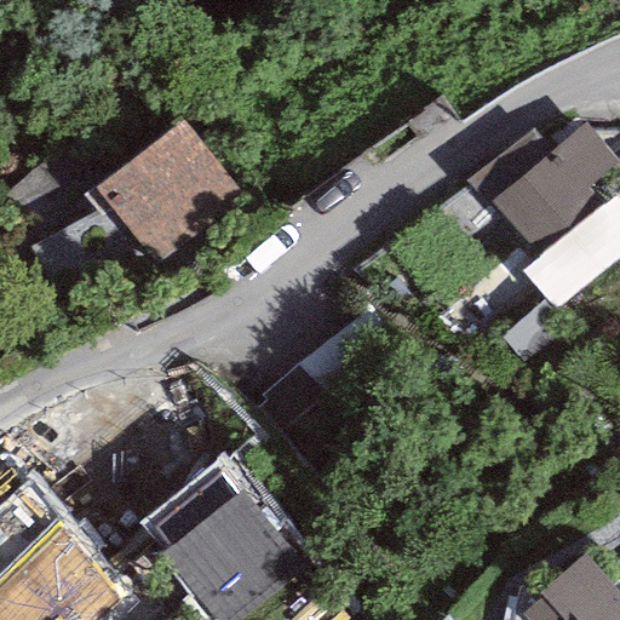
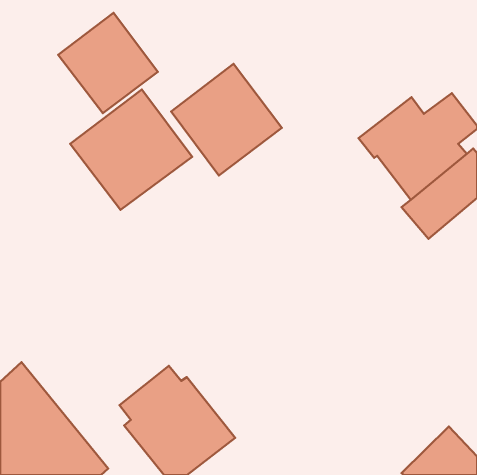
building: none -> [58,13,158,113]
building: none -> [171,64,282,175]

